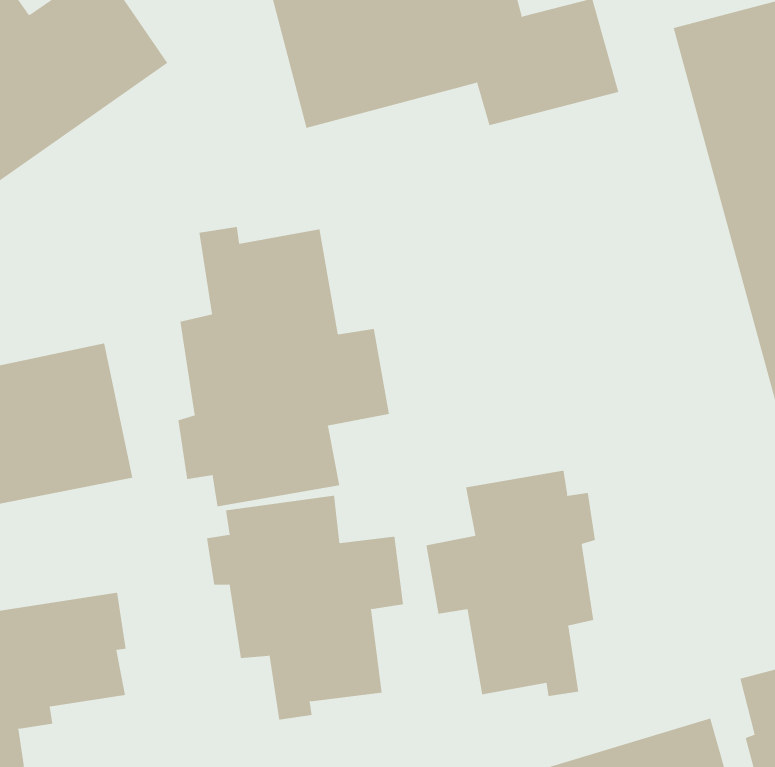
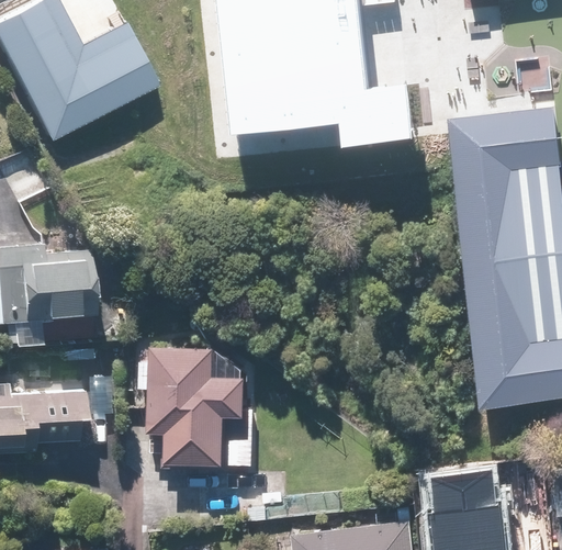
building: [178,226,390,507] -> none
building: [426,470,596,697] -> none

